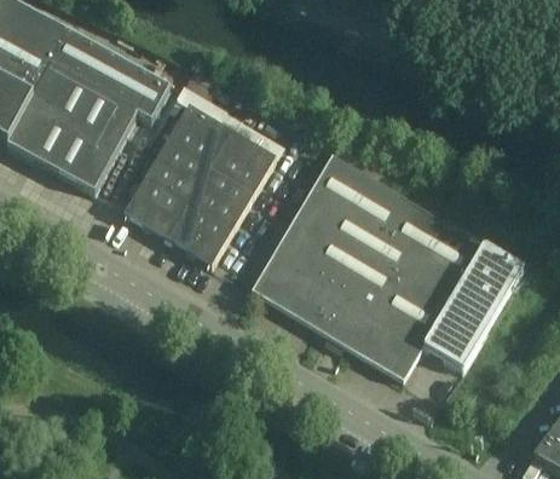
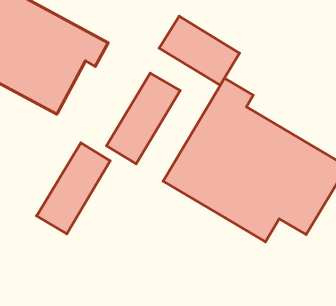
building: none -> [159,16,239,85]
building: [123,102,232,236] -> [37,143,110,234]

